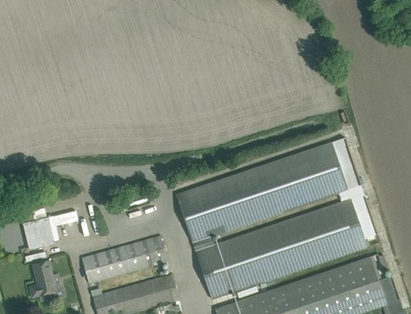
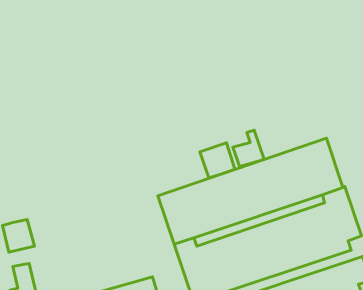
building: none -> [233,130,264,167]
building: none -> [200,143,235,178]
building: [80,235,166,283] -> none

